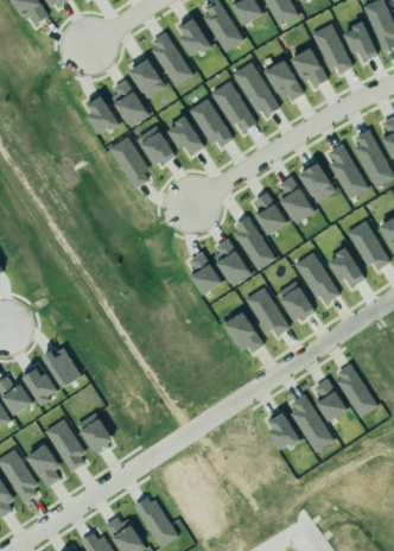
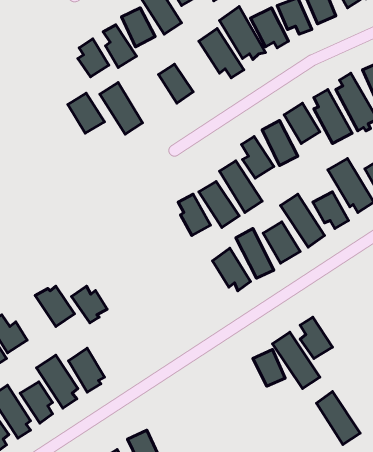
building: [189,99,233,151] -> none
building: [136,126,174,167] -> [68,93,105,133]
building: [333,363,379,418] -> [316,392,360,445]
building: [21,367,58,405] -> [71,286,107,323]

